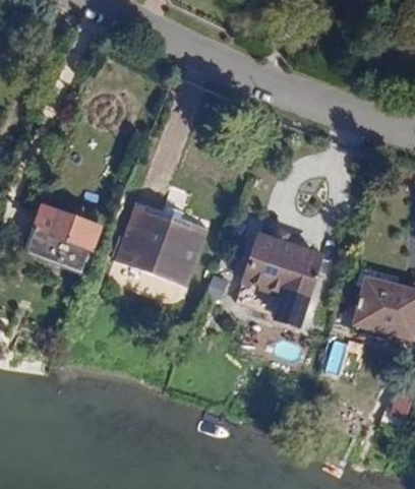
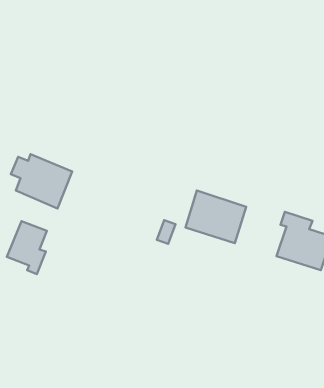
building: [115,204,210,287] -> none
building: none -> [7,221,47,274]

